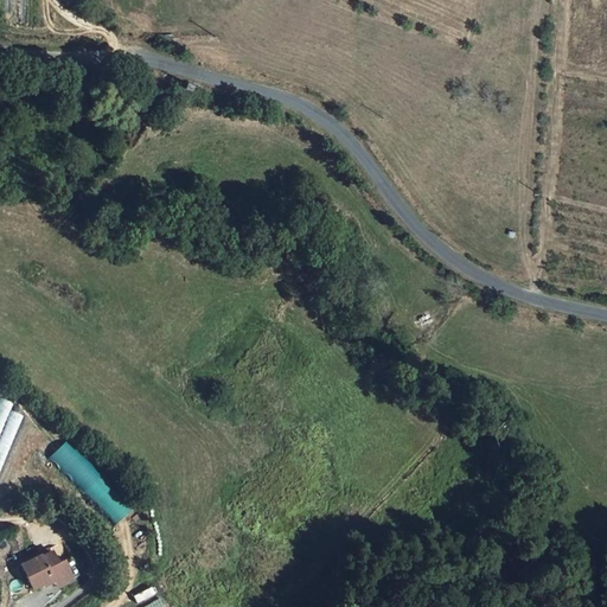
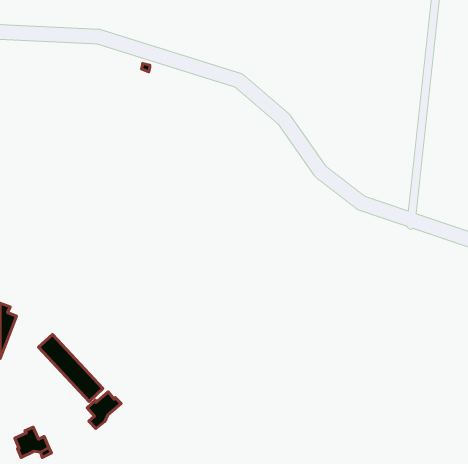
building: none -> [87,392,121,429]

